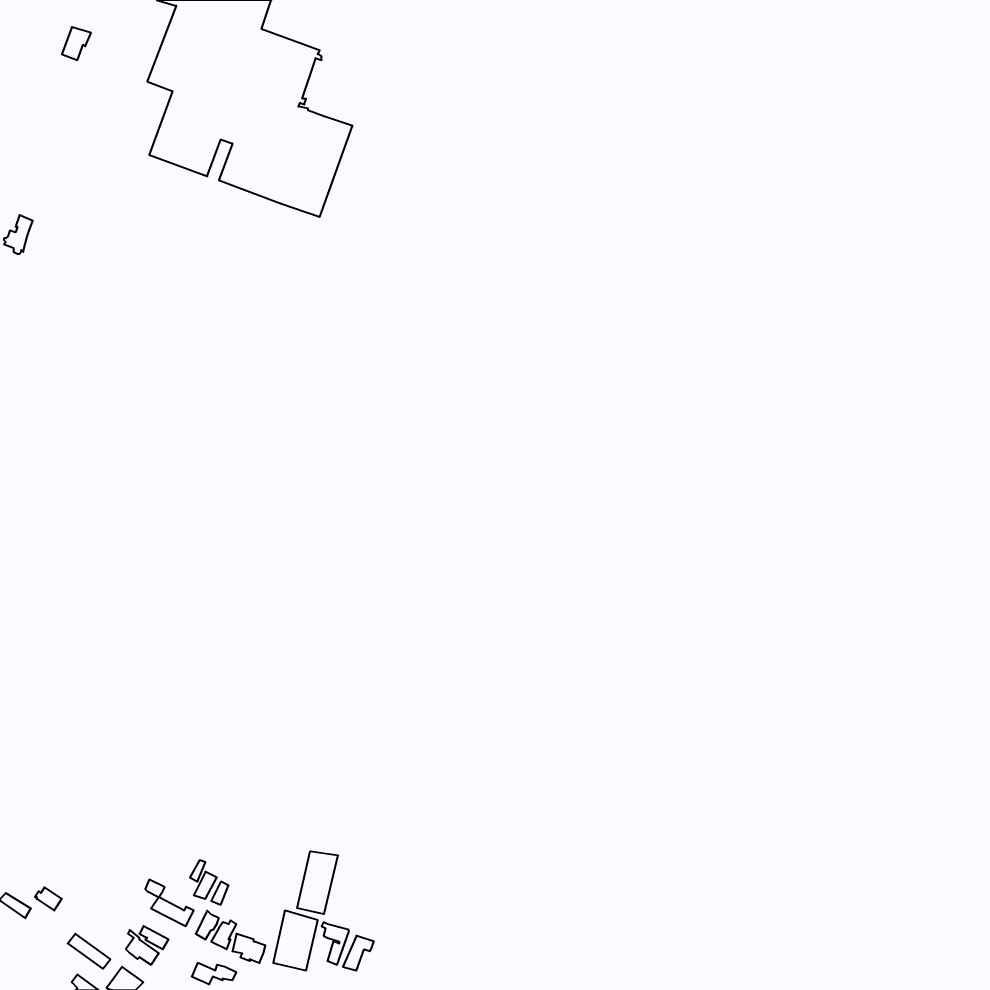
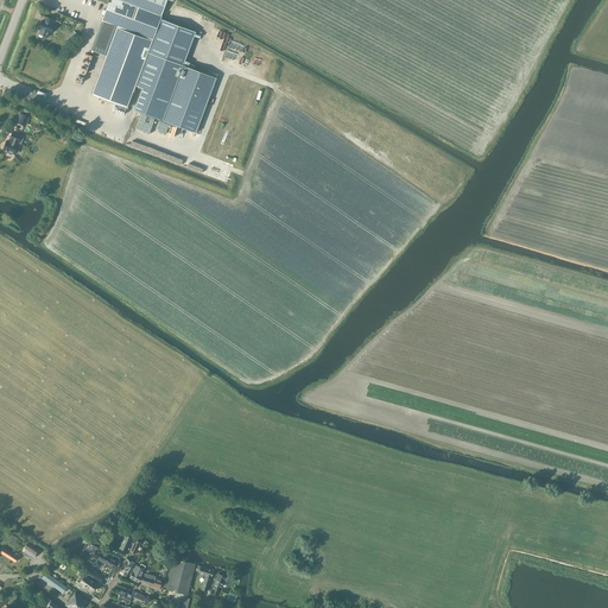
building: [297,851,338,914] -> none

